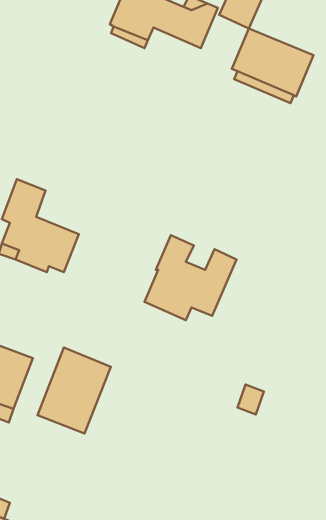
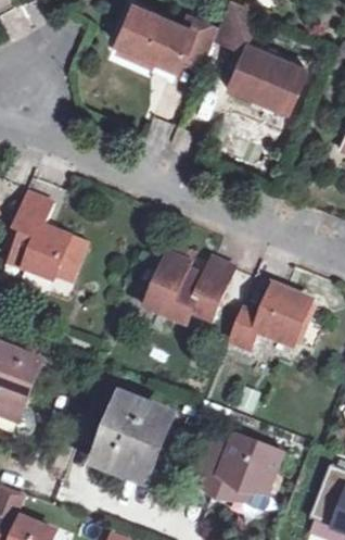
building: none -> [227,284,308,350]
building: [37,347,111,434] -> [101,399,170,480]
building: none -> [195,434,283,501]

